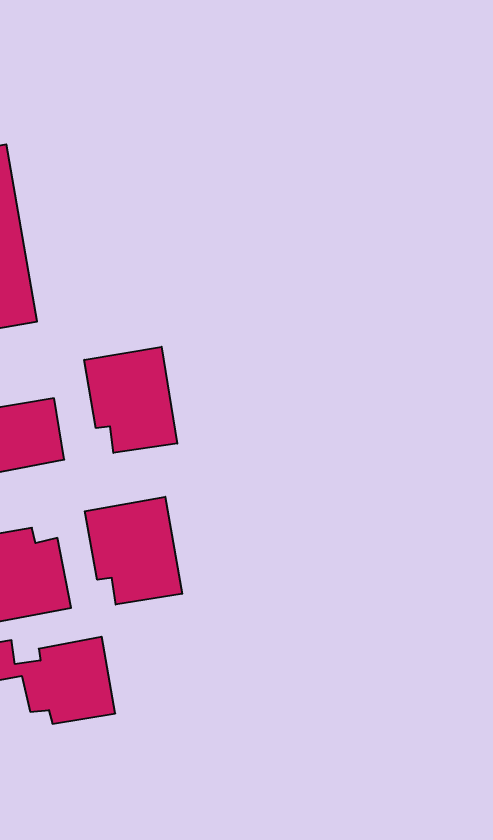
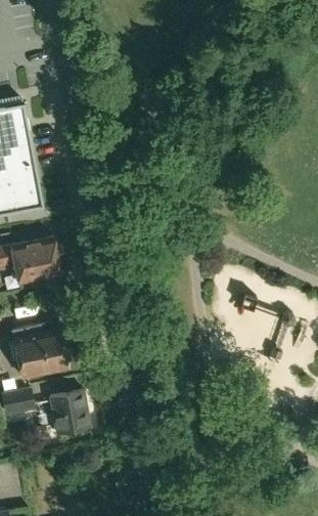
building: [84,347,177,453] -> none
building: [85,497,182,605] -> none

